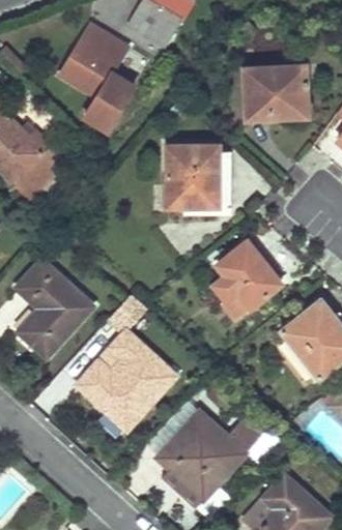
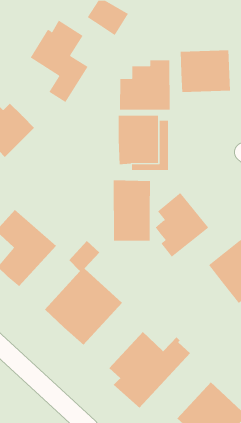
building: none -> [120,59,170,110]
building: none -> [113,180,151,242]

